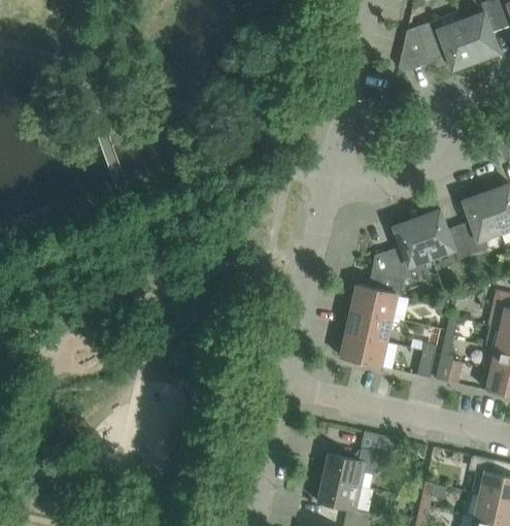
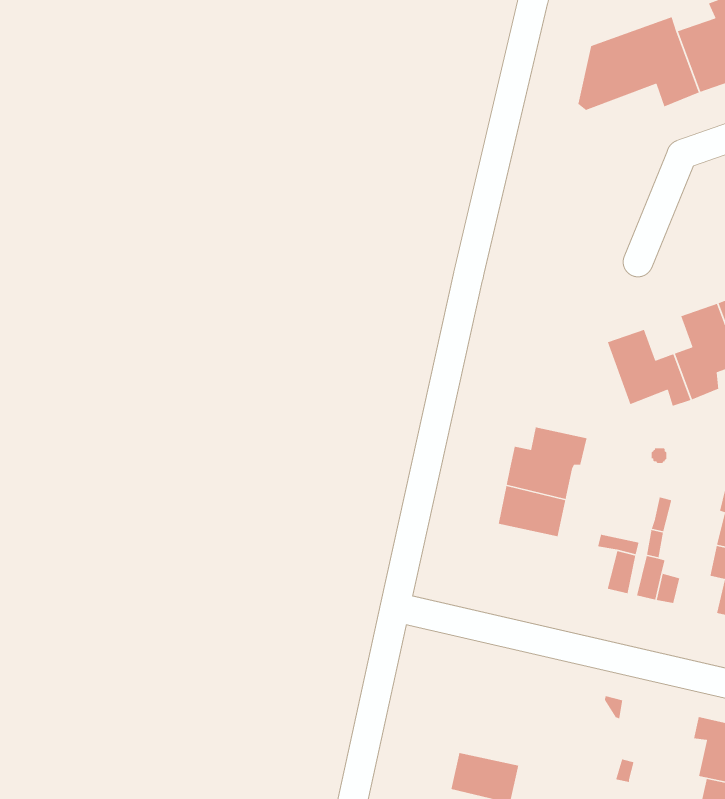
building: [371,219,431,280] -> none
building: [341,334,385,367] -> none
building: [322,431,397,487] -> none

